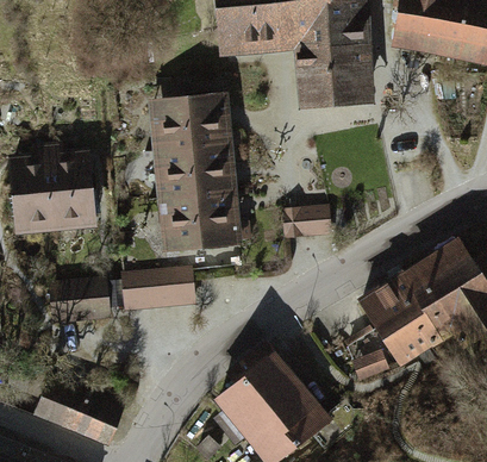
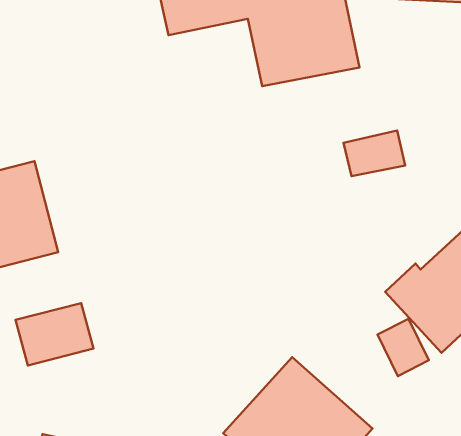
building: [168,92,237,250] -> none
building: [285,201,335,235] -> [344,130,405,176]
building: [123,263,199,310] -> none

